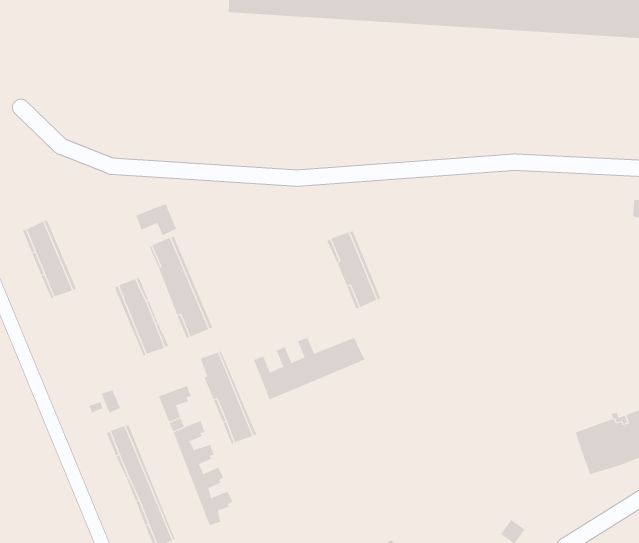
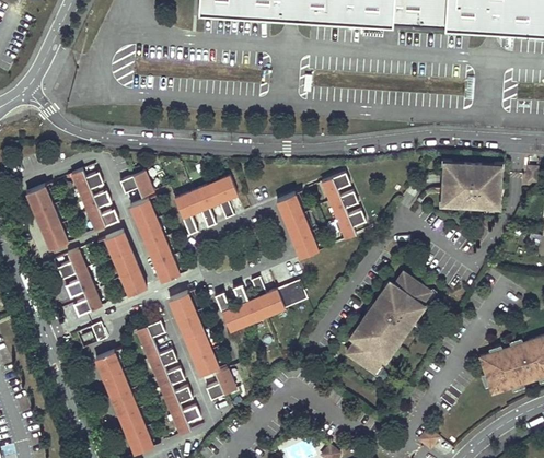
building: none -> [440,163,499,207]
building: none -> [70,169,117,231]
building: none -> [320,172,362,238]
building: none -> [173,176,235,231]
building: none -> [57,248,100,315]
building: none -> [345,272,429,372]
building: none -> [205,368,234,399]

